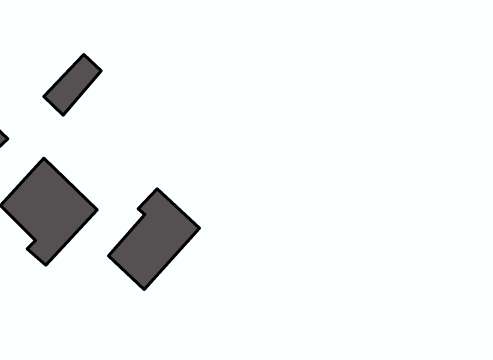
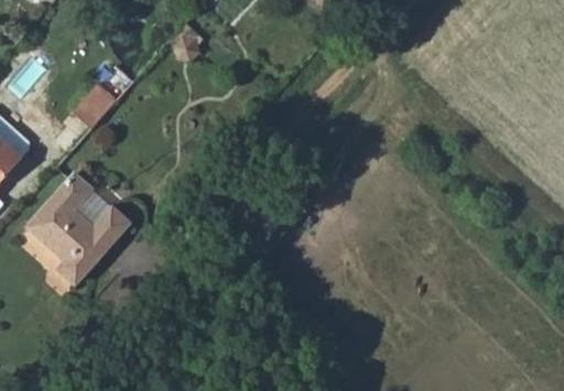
building: [109,189,199,289] -> none

